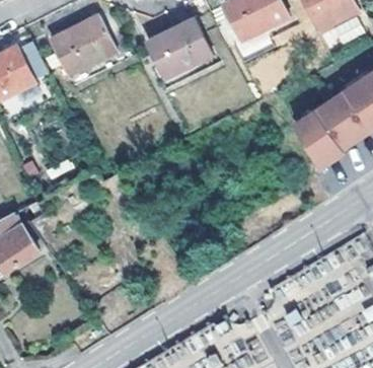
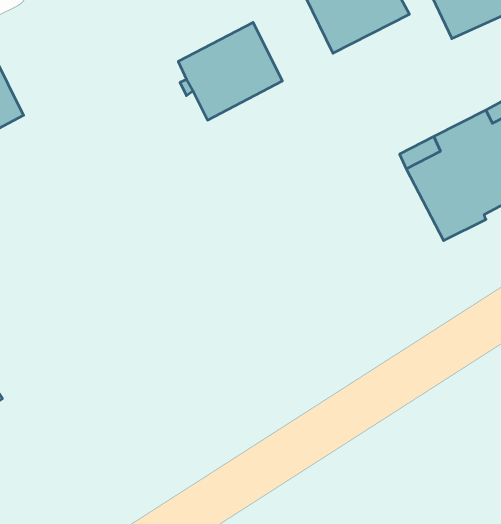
building: [52,18,118,79] -> none

